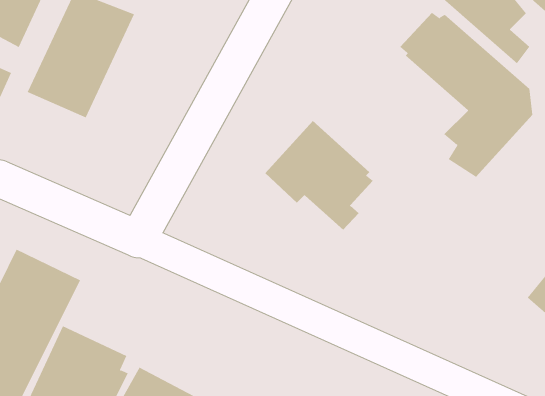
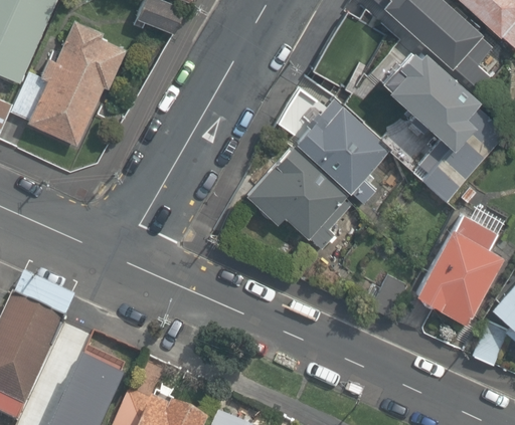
building: none -> [296,99,386,205]
building: none -> [412,211,501,322]

